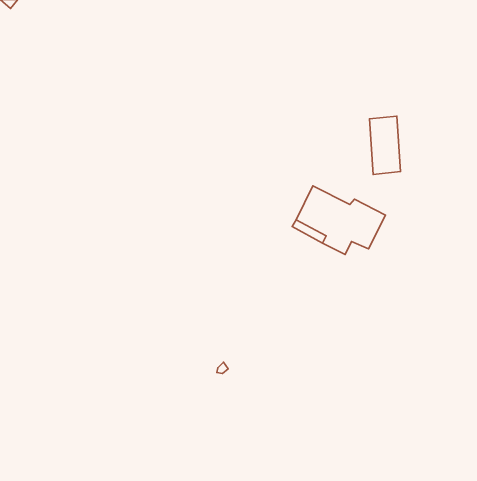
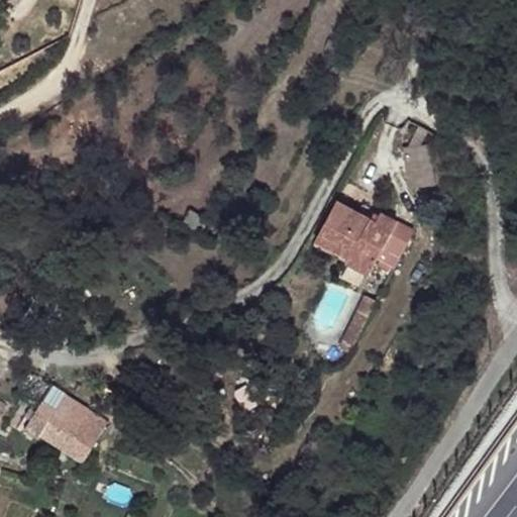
building: none -> [39,395,111,462]

